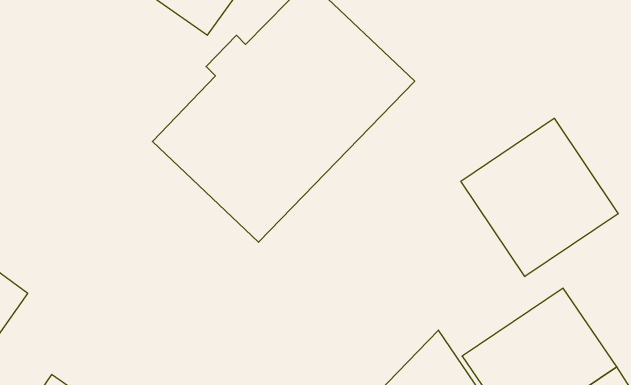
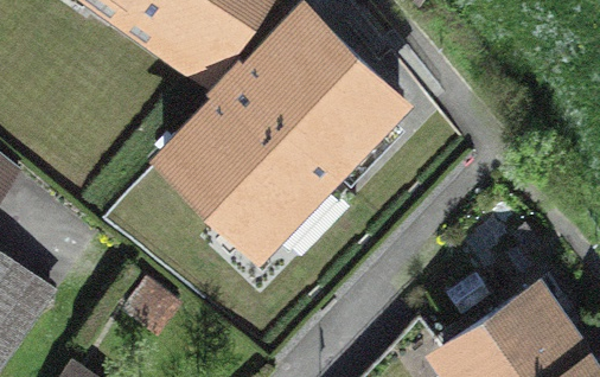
building: [461,118,618,277] -> none

